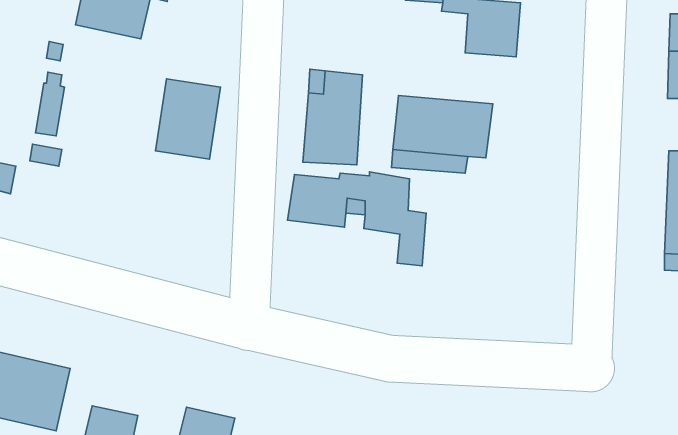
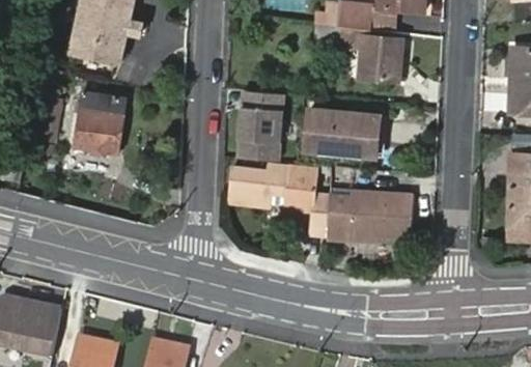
building: [155,79,221,159] -> [76,92,124,152]
building: none -> [327,190,414,239]

